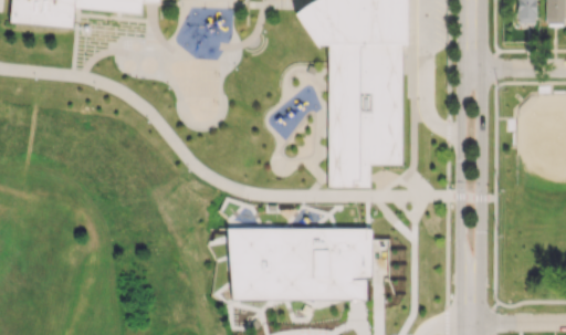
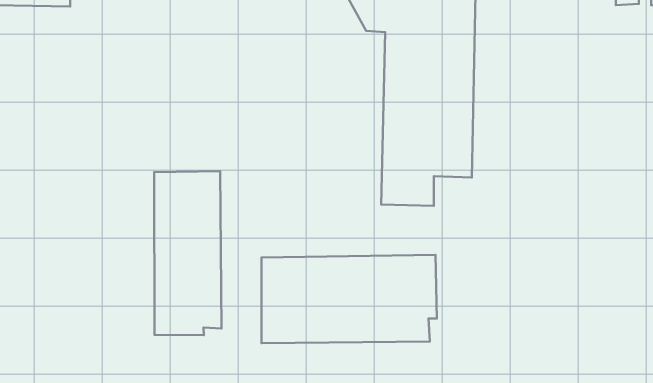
building: none -> [154,171,221,335]

